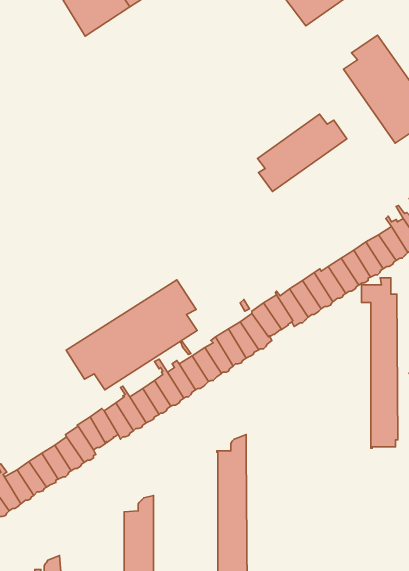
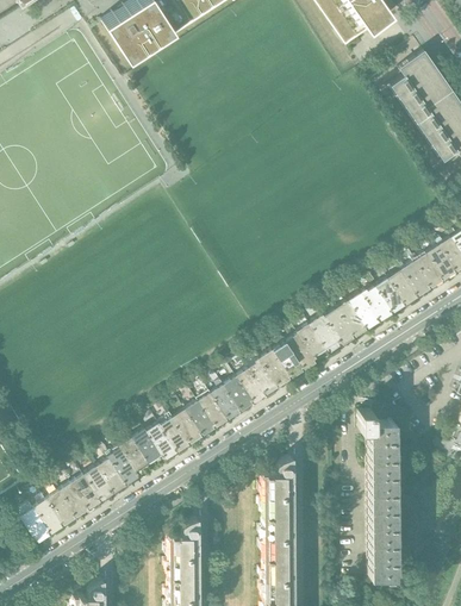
building: [258,114,347,192] -> none
building: [362,278,398,448] -> [361,402,398,575]
building: [66,280,197,390] -> none

